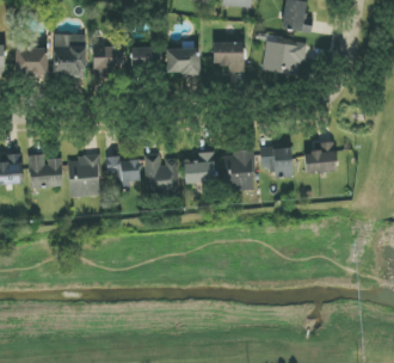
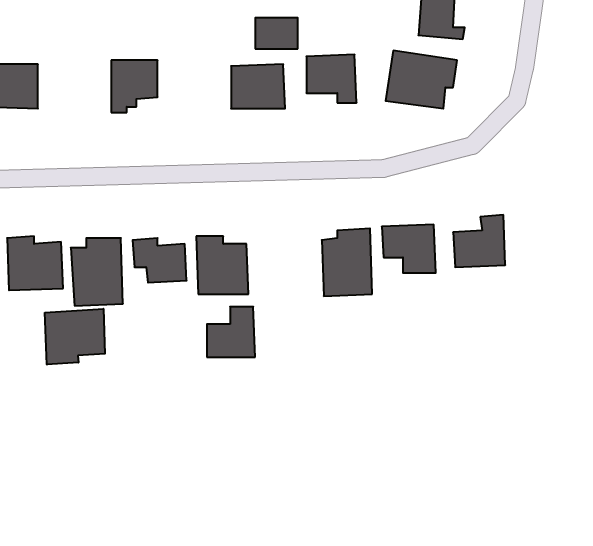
building: [53,35,86,74] -> none
building: [131,47,158,66] -> [255,18,298,49]
building: [185,152,215,183] -> [207,307,255,357]
building: none -> [45,309,105,365]

